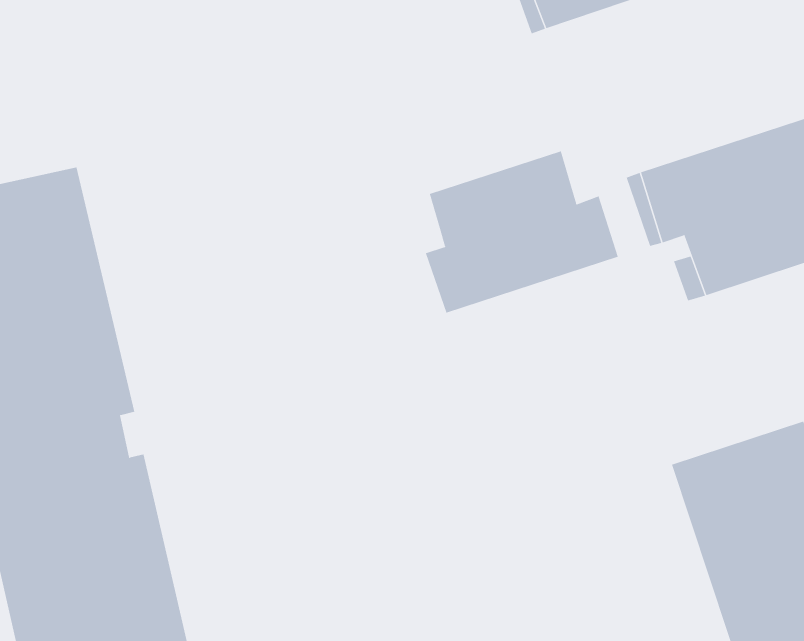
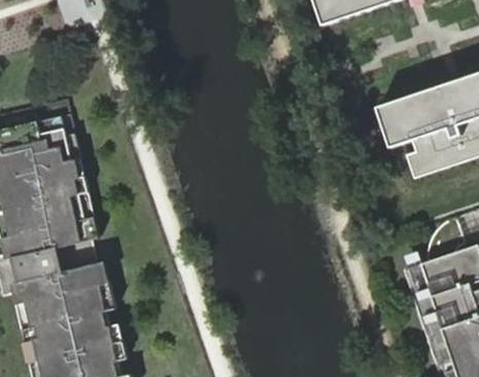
building: [425,151,619,314] -> none

